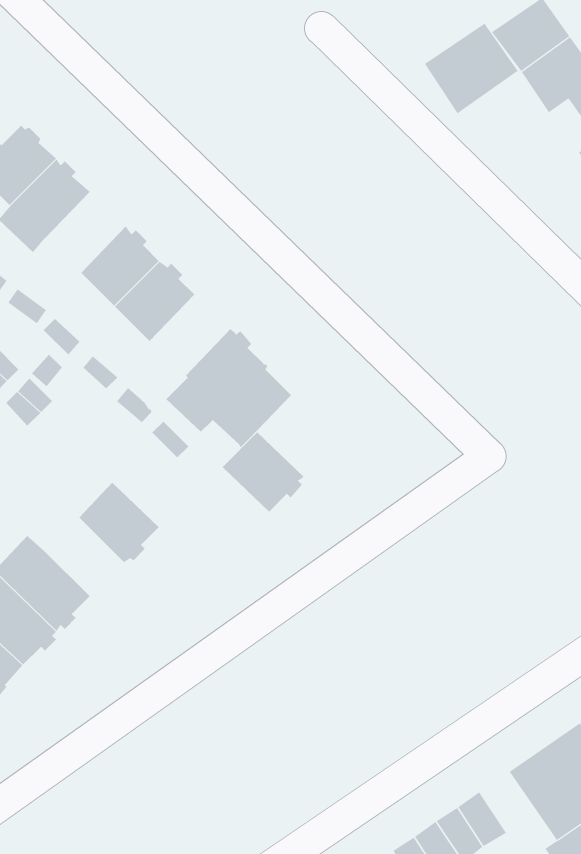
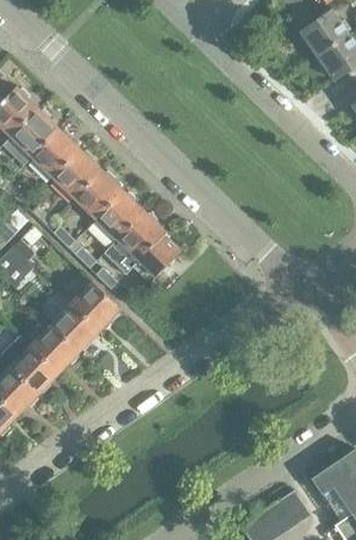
building: [424,23,518,114] -> none
building: none -> [31,128,80,176]
building: none -> [94,190,142,238]
building: [222,432,305,512] -> [71,281,121,330]
building: none -> [31,324,79,372]

